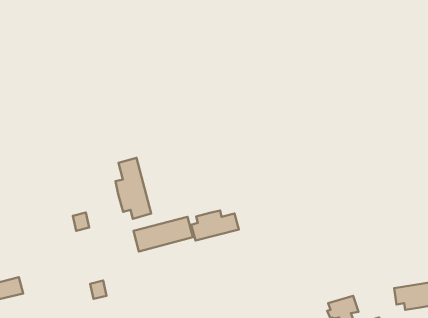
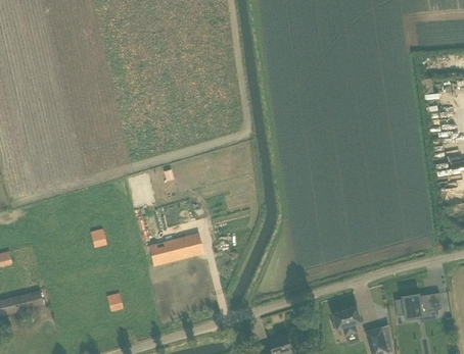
building: [115,158,151,219] -> none
building: [191,211,239,241] -> none

